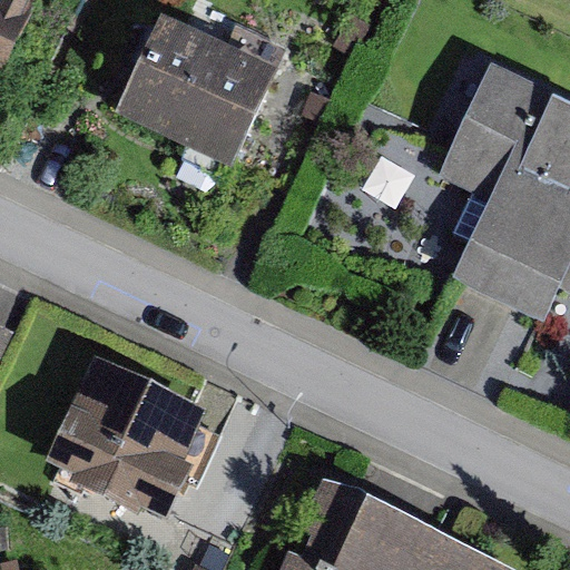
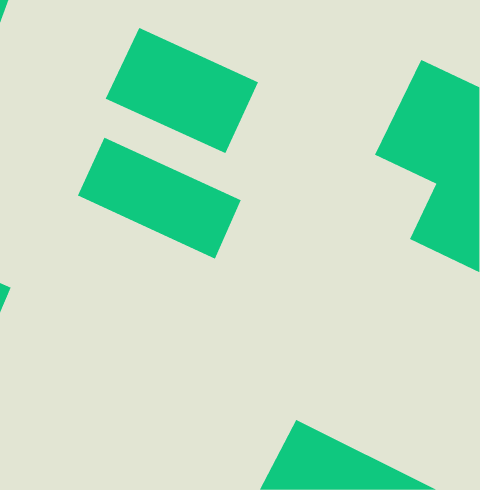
building: none -> [77,137,241,259]
building: [53,360,223,524] -> none

